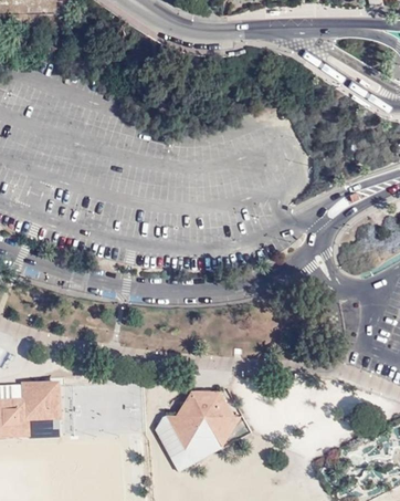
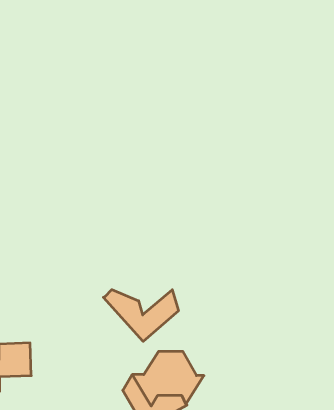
building: none -> [103,290,178,341]

